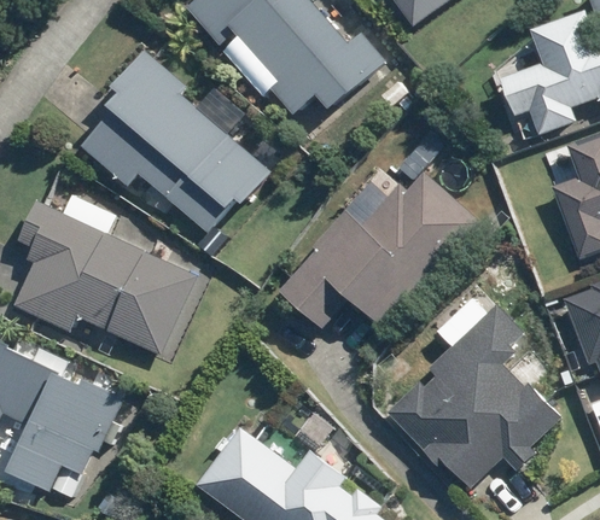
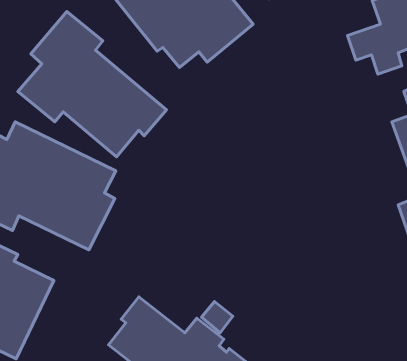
building: [274,129,473,332] -> none
building: [398,306,571,480] -> none

